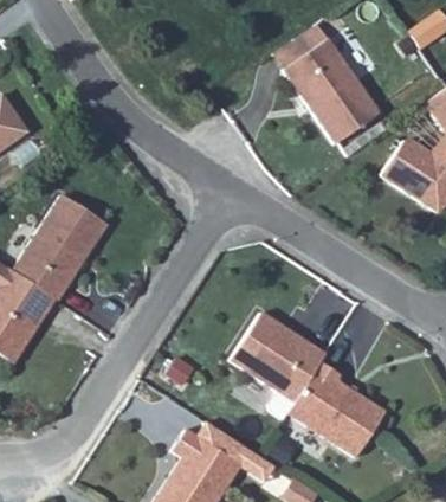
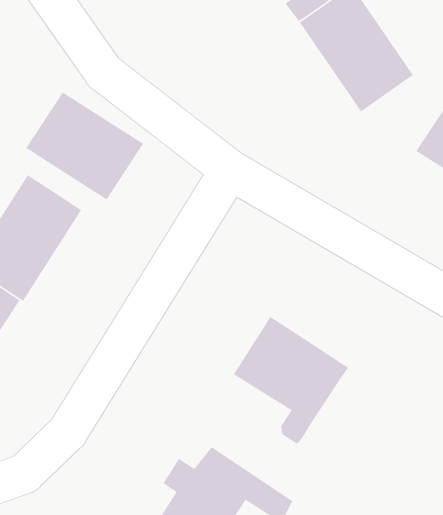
building: none -> [25,91,144,201]
building: [289,362,386,456] -> none

